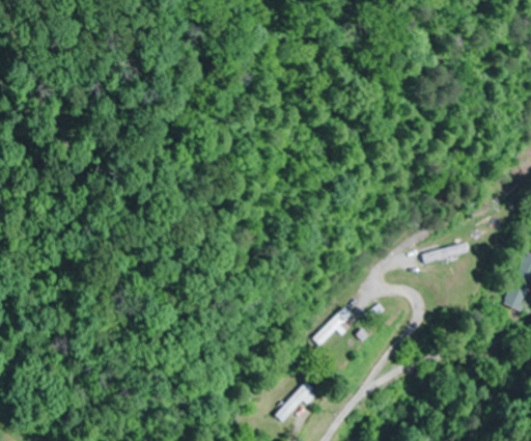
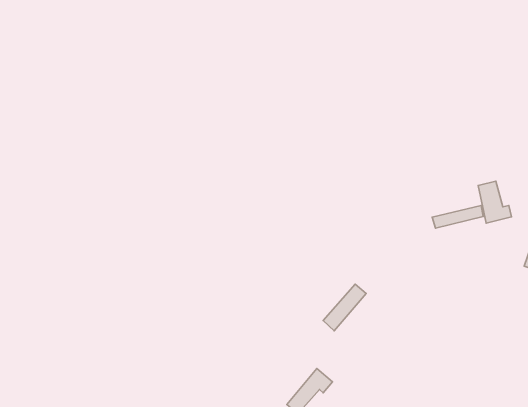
building: none -> [478,181,512,223]

